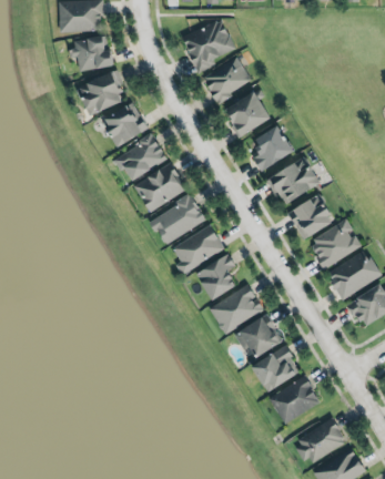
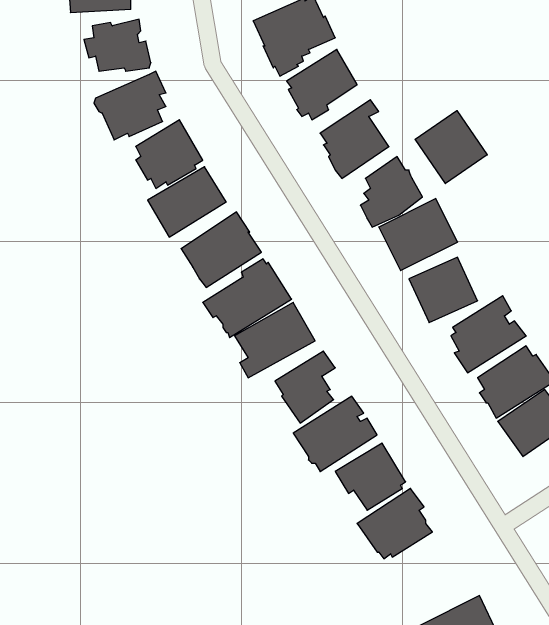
building: none -> [415,111,487,184]
building: [269,376,321,426] -> none

